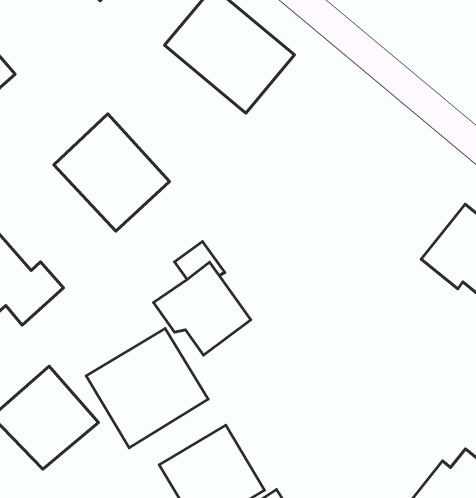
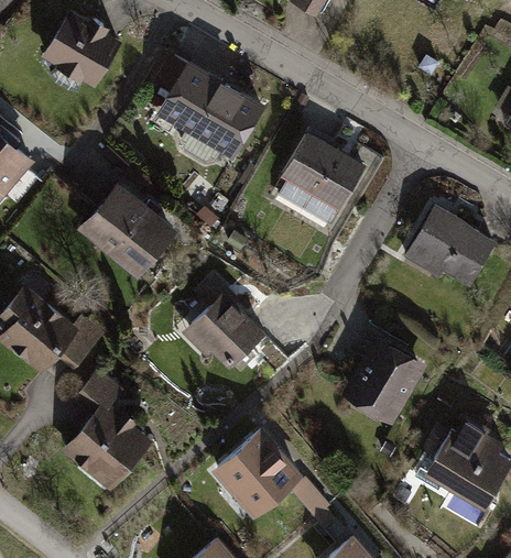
building: none -> [282,131,366,210]
building: [86,328,208,448] -> none
building: none -> [74,370,123,414]
building: none -> [338,336,426,427]

